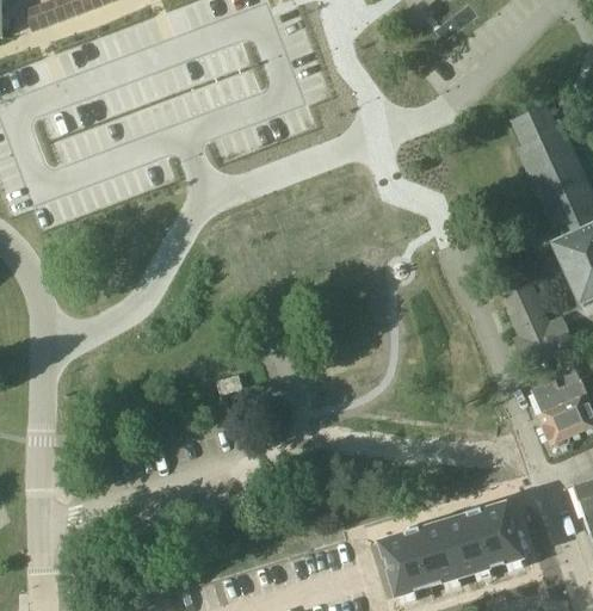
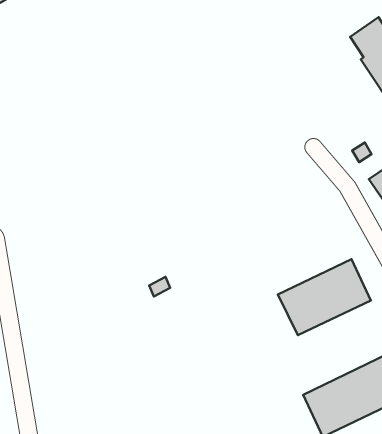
building: none -> [278,259,371,335]

